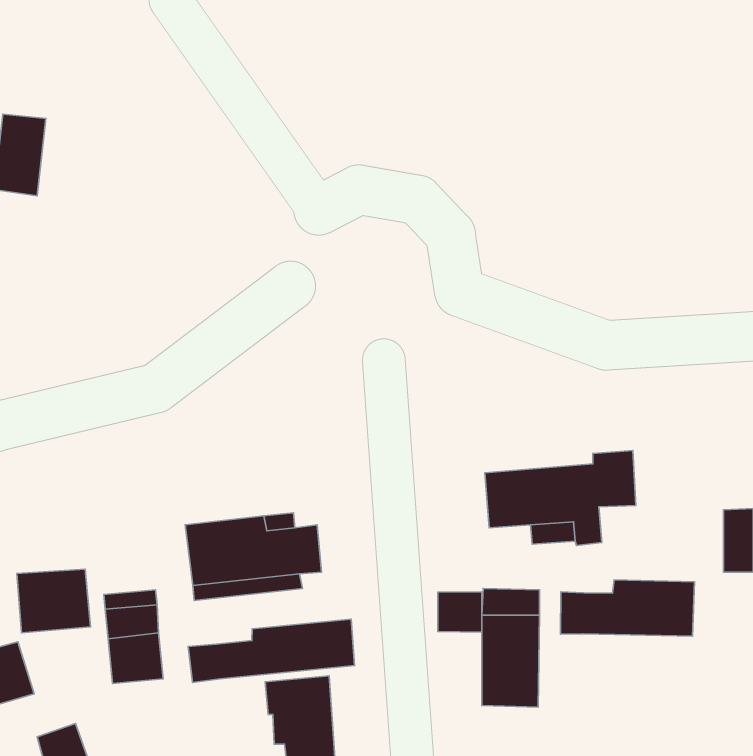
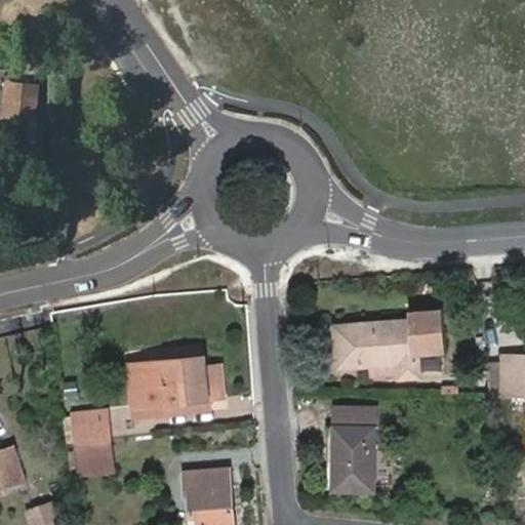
building: [17,569,91,633] -> none
building: [561,580,695,636] -> none
building: [438,592,482,632] -> none
building: [188,619,355,682] -> none

